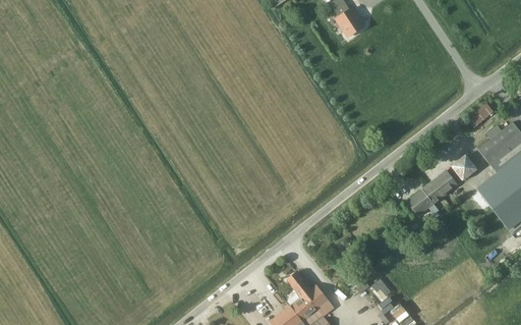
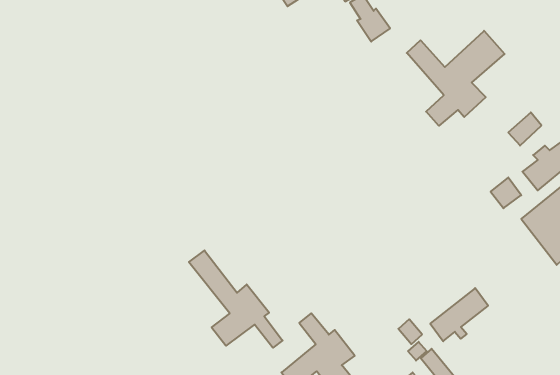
building: none -> [407,31,505,126]
building: [407,170,457,216] -> [430,288,488,341]
building: none -> [189,250,283,348]

